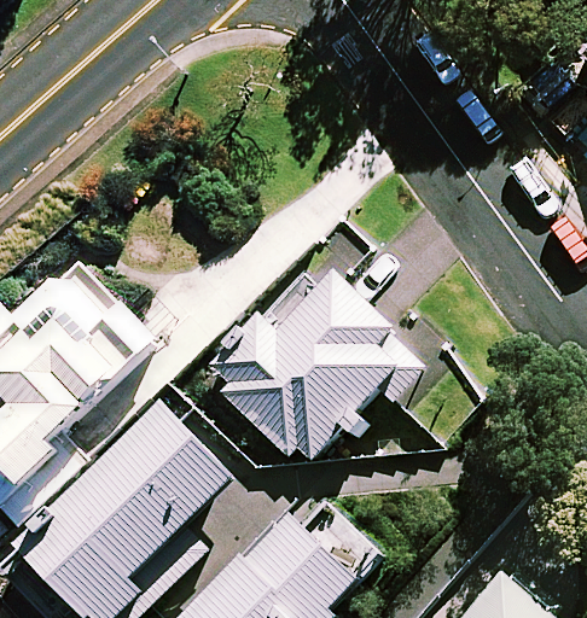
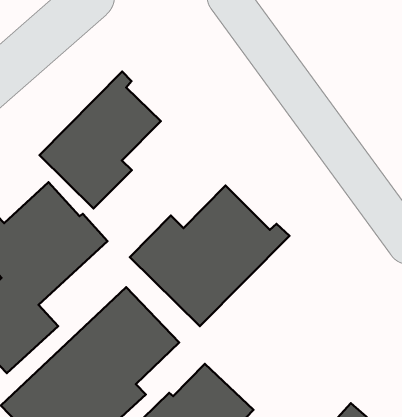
building: none -> [40,71,161,209]

